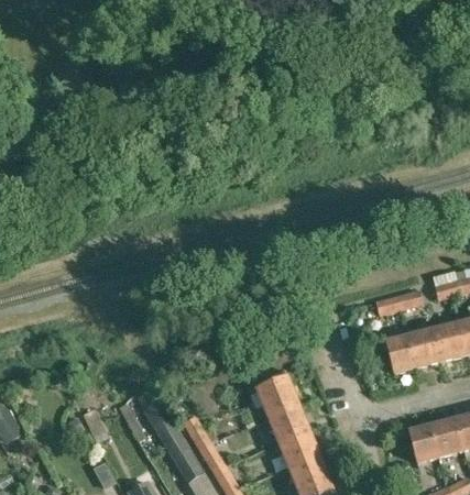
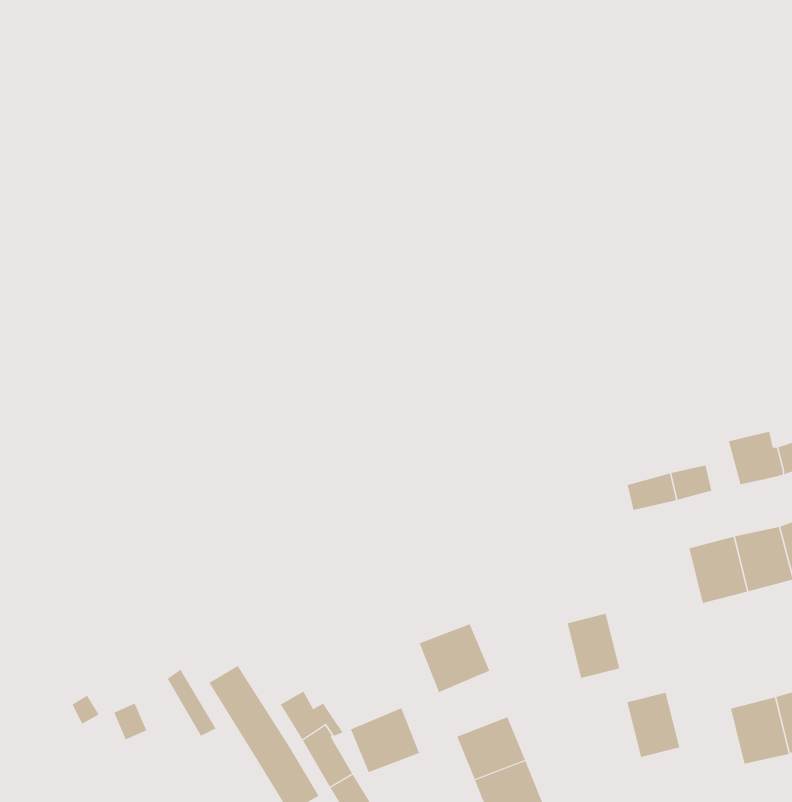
building: [386,336,416,372] -> [567,613,620,679]
building: [270,404,308,440] -> [350,708,420,773]
building: [409,425,439,461] -> [627,692,680,758]

